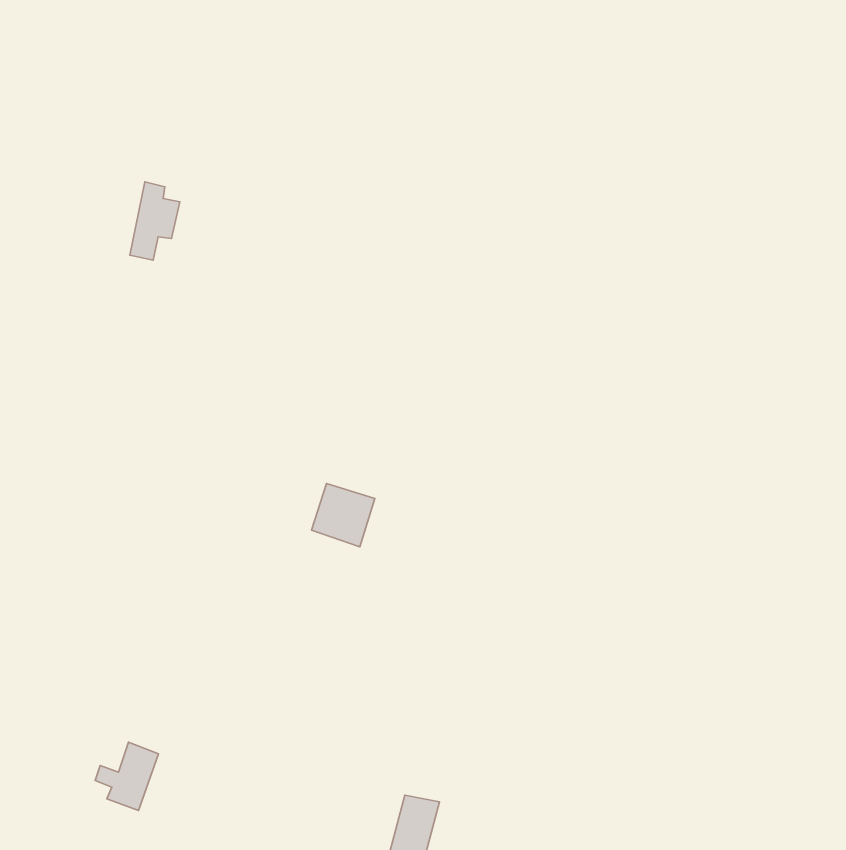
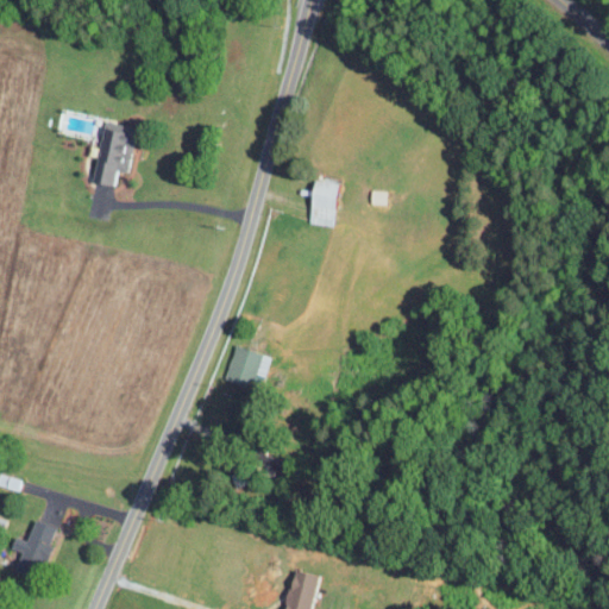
building: none -> [309,182,337,225]
building: [95,742,158,811] -> [12,520,57,569]

